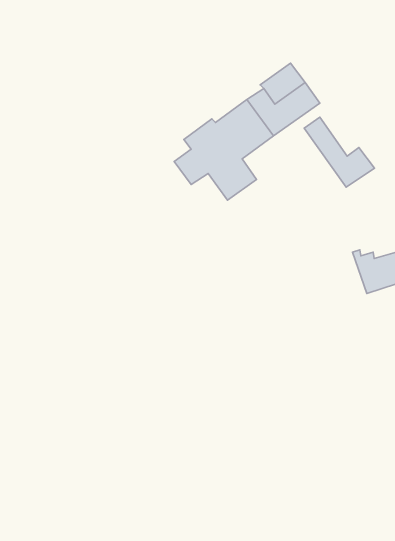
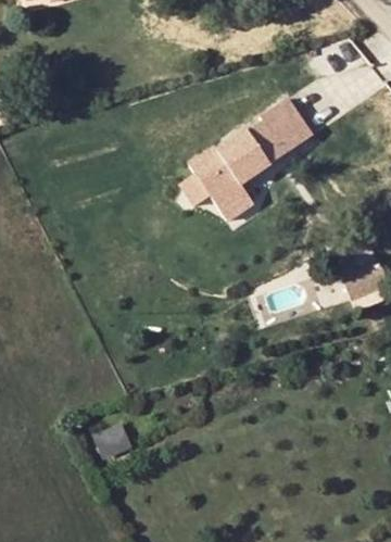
building: [304,117,374,187] -> none
building: none -> [98,423,139,462]

